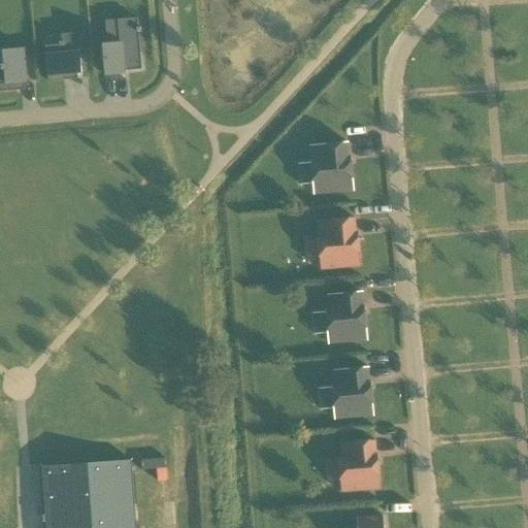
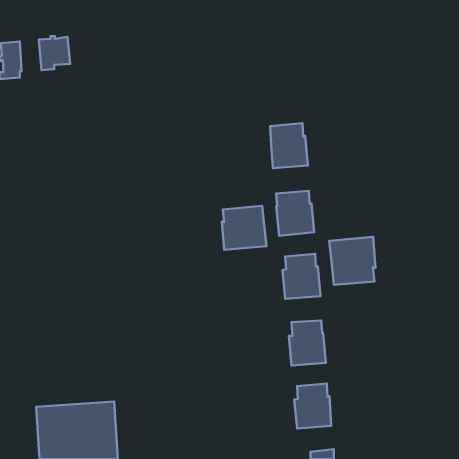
building: [101,18,140,75] -> none
building: none -> [222,206,266,250]
building: none -> [329,237,375,285]

